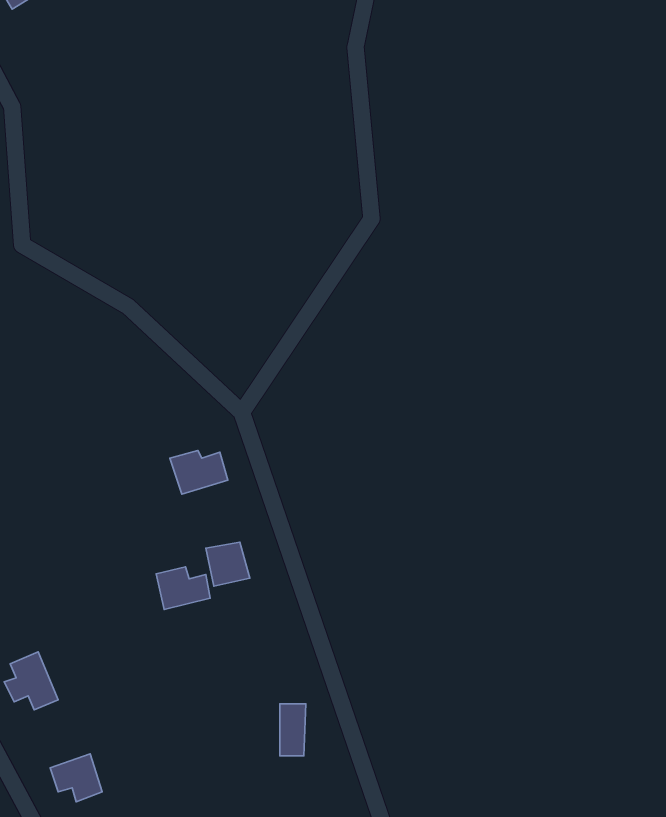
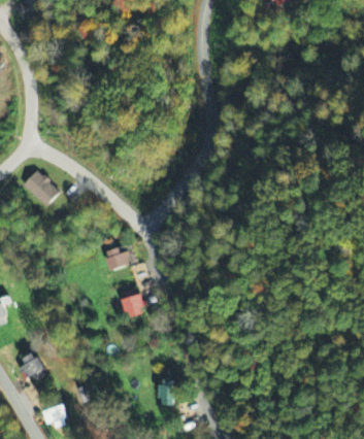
building: none -> [23,169,60,206]
building: [156,567,210,609] -> none

